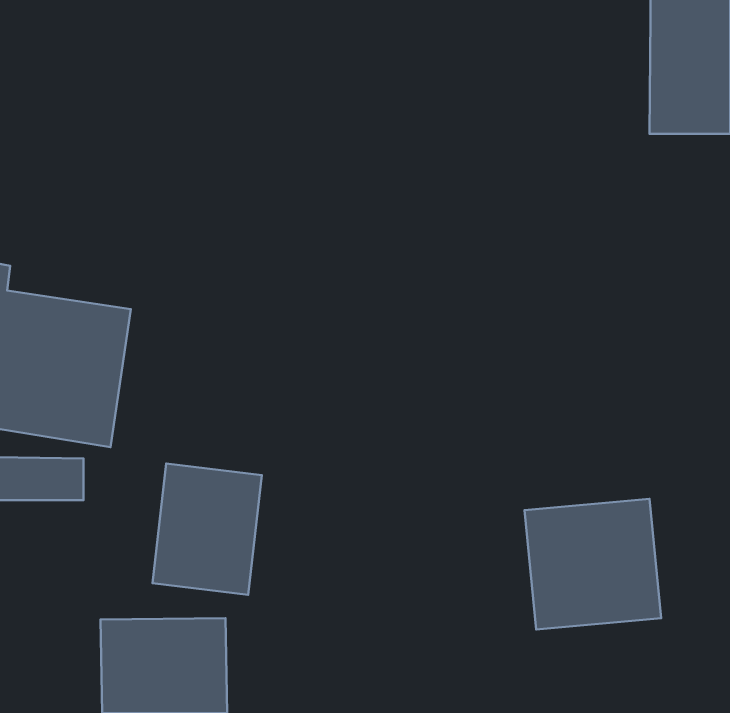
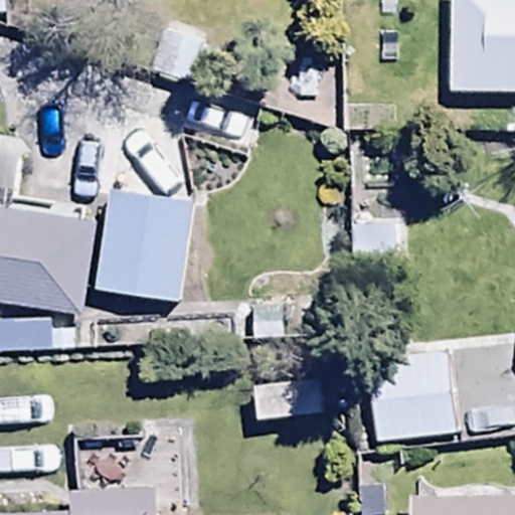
building: none -> [95,188,196,303]
building: [152,464,262,595] -> none

